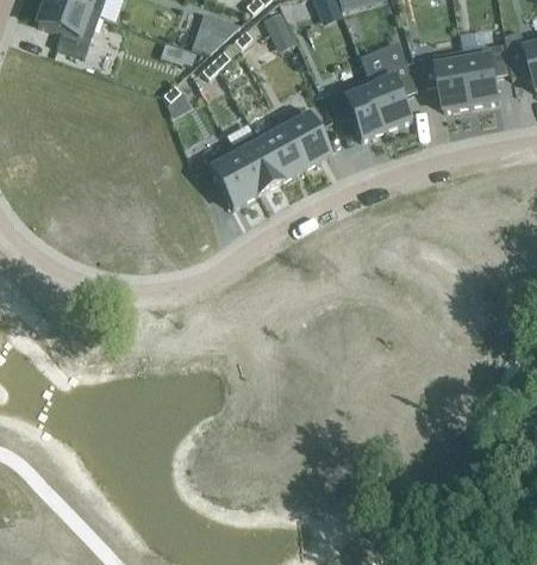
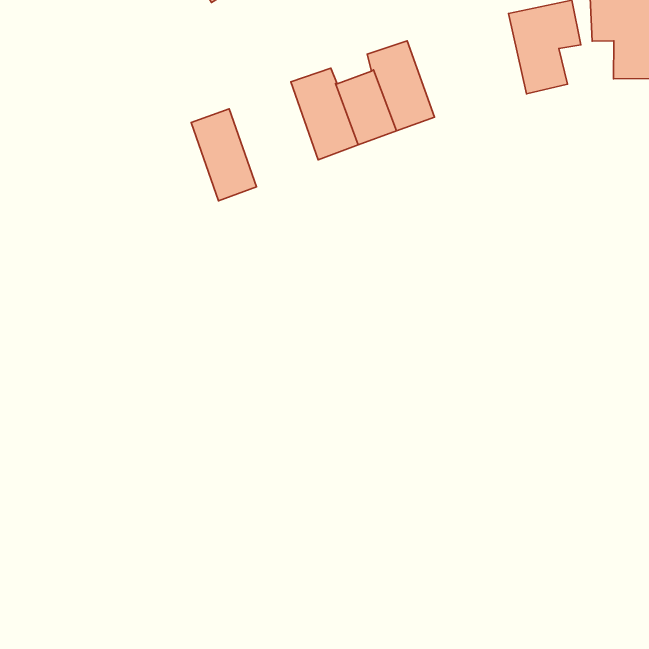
building: [327,79,388,139] -> none
building: [207,147,257,209] -> [191,109,257,201]

